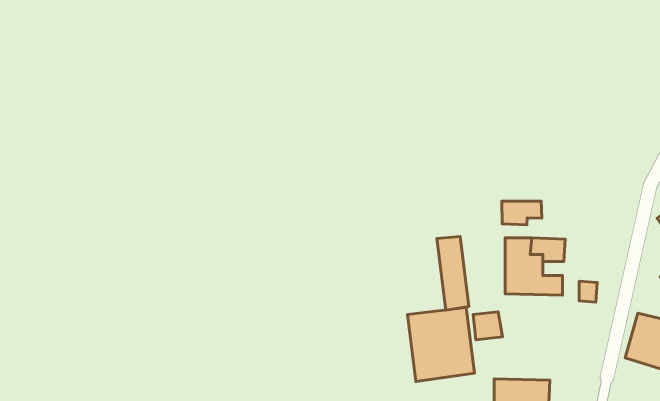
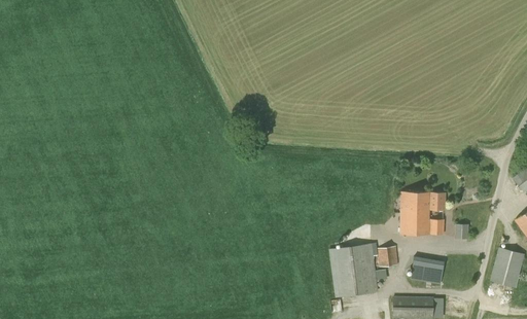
building: [502,201,542,225] -> none
building: [437,237,469,310] -> none
building: none -> [411,255,445,287]

